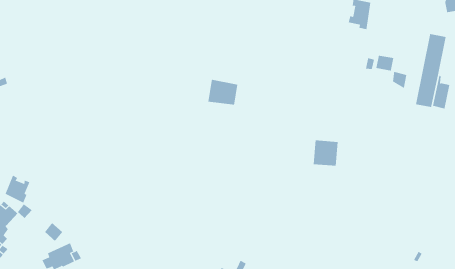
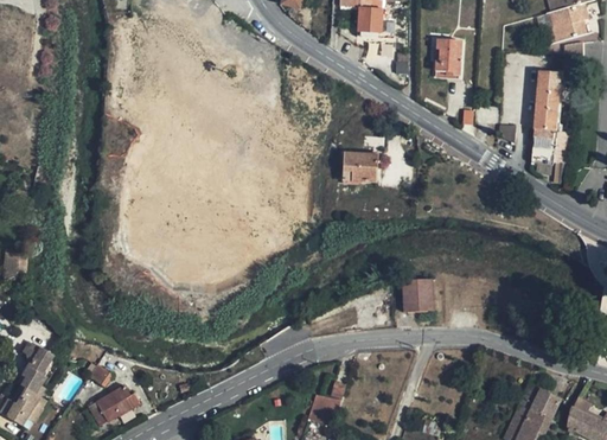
building: [207,79,238,105] -> [343,153,378,181]
building: [313,140,339,166] -> [403,280,434,312]
building: [5,175,30,203] -> none

